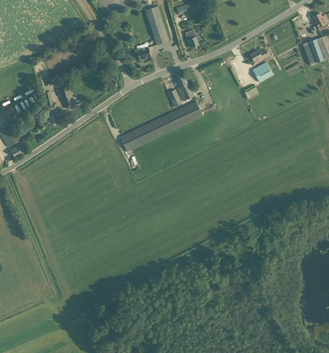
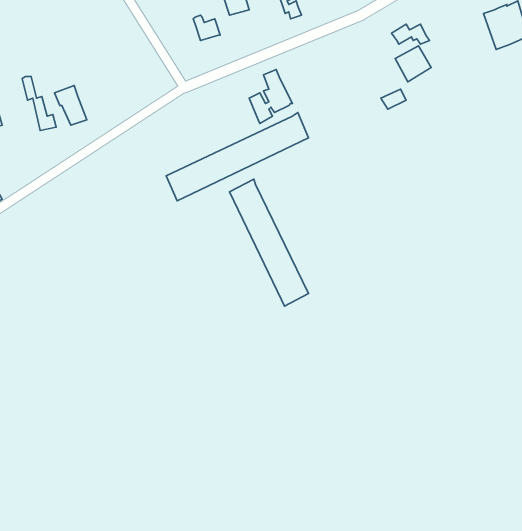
building: none -> [230,179,309,306]

